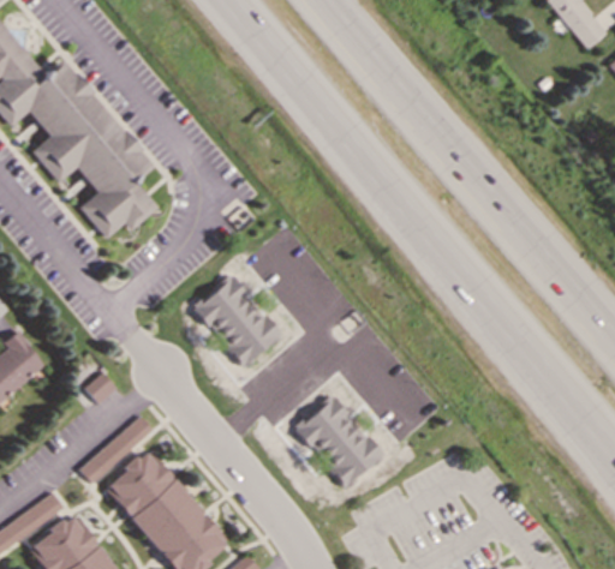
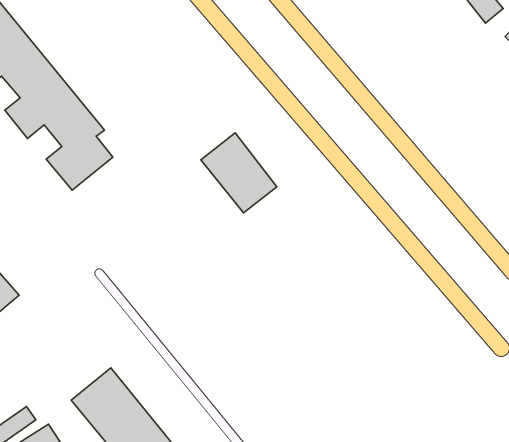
building: [195,274,282,366] -> [201,133,277,213]
building: [85,372,118,403] -> none
building: [297,395,386,486] -> none
building: [79,415,155,483] -> none

